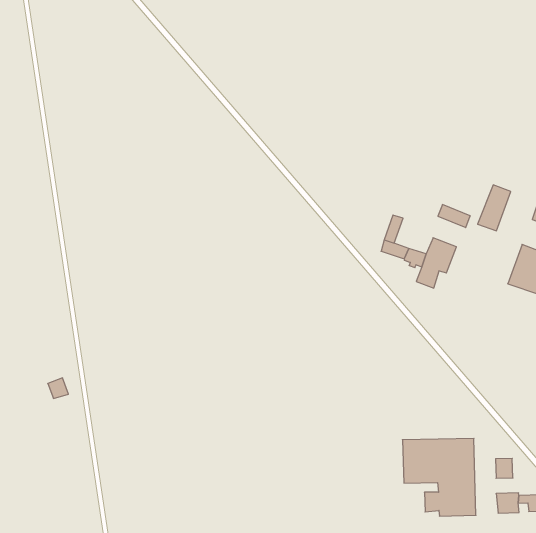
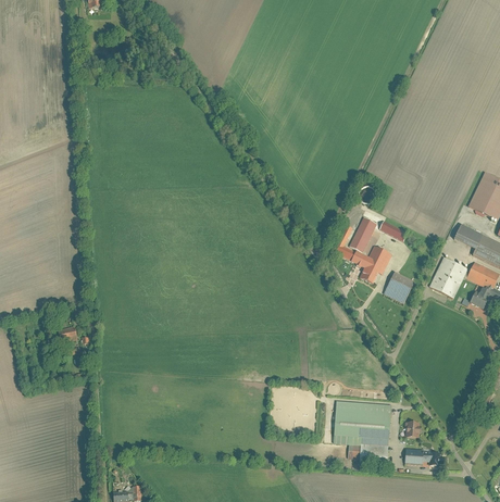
building: [478,185,511,231] -> [349,217,377,253]
building: none -> [384,272,414,304]

